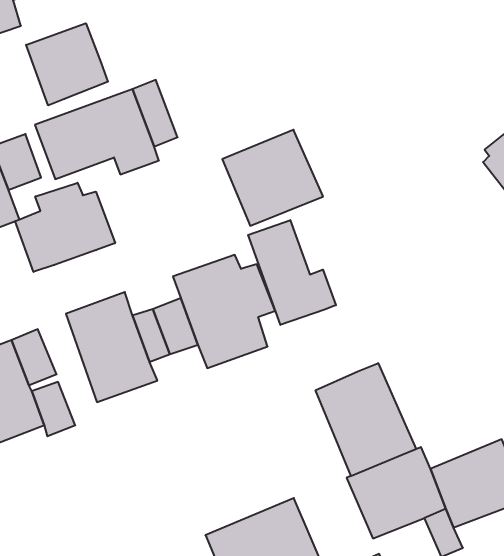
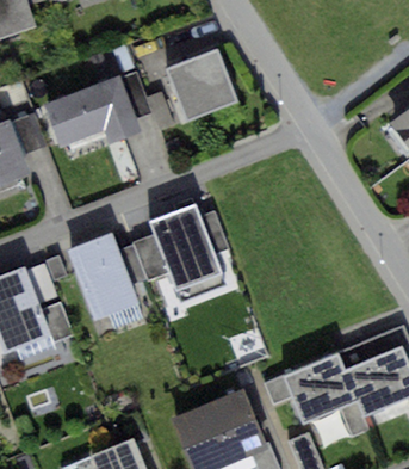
building: [26,23,108,105] -> none
building: [222,130,323,226] -> [163,47,241,121]
building: [15,183,115,272] -> none
building: [248,220,336,325] -> none
building: [316,363,416,476] -> none

